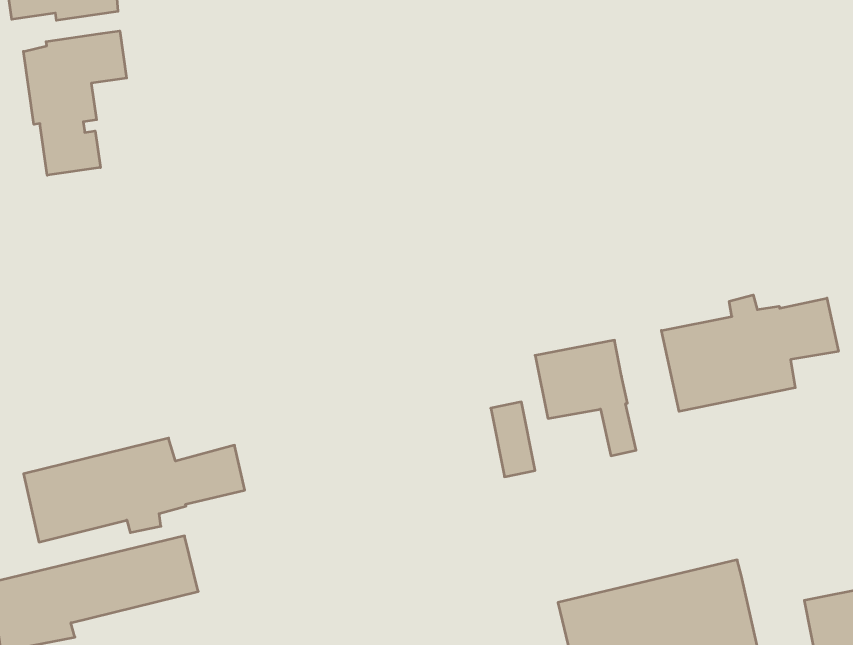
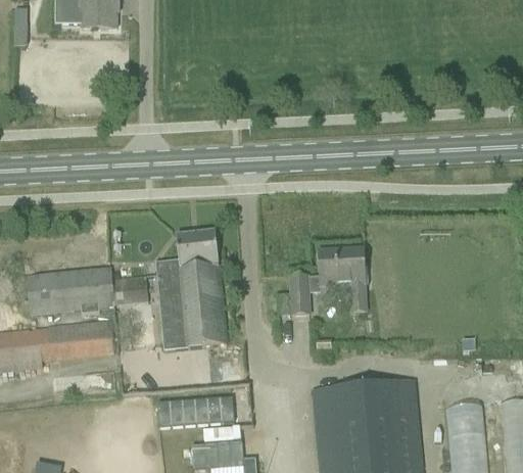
building: [23,31,127,175] -> none
building: [661,295,838,411] -> none
building: none -> [156,230,229,350]

